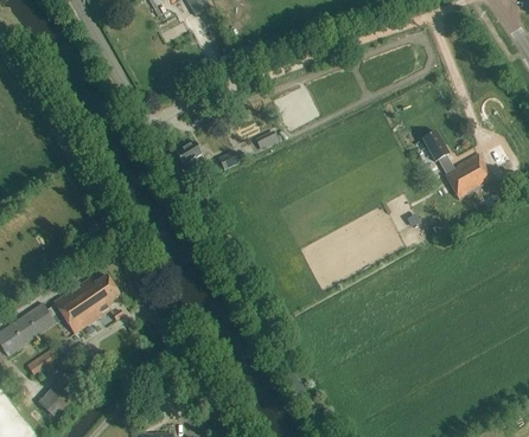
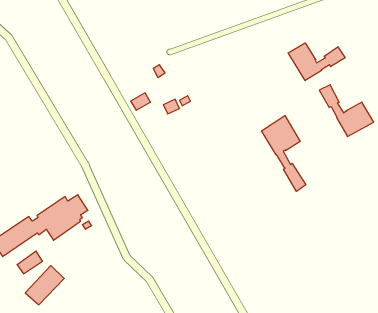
building: none -> [288,43,345,81]
building: none -> [262,116,306,191]

